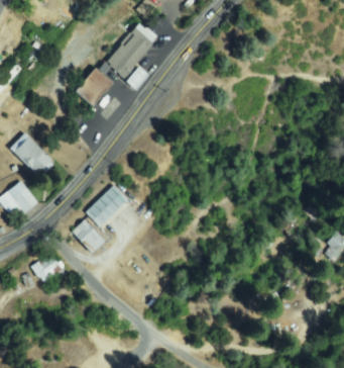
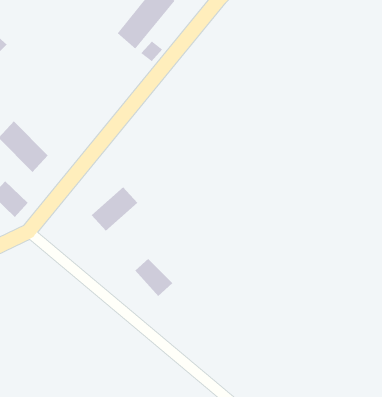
building: [75,68,112,105] -> none
building: [73,220,104,252] -> [135,258,173,297]
building: [32,254,61,280] -> none

